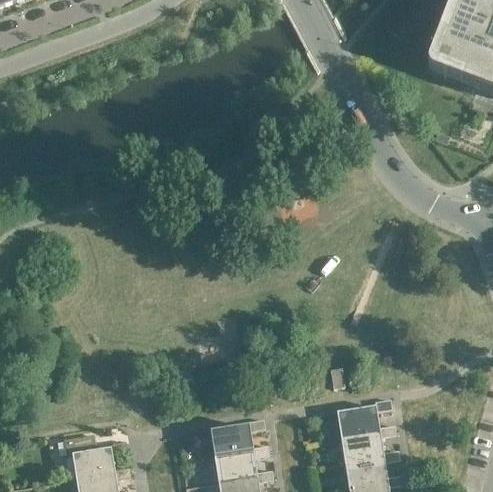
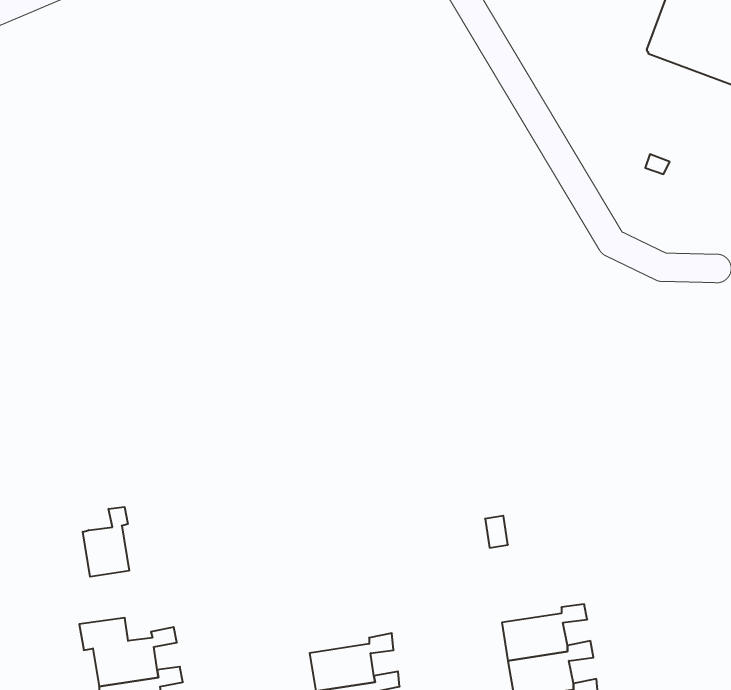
building: none -> [83,507,129,577]
building: [336,400,392,439] -> none
building: [210,420,265,459] -> none

